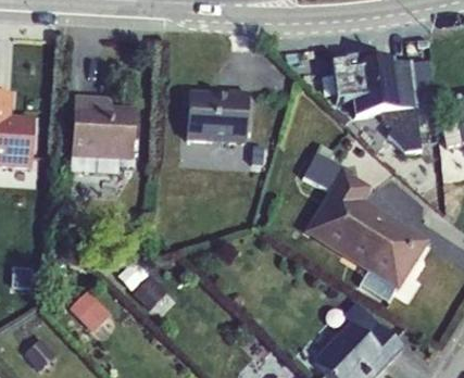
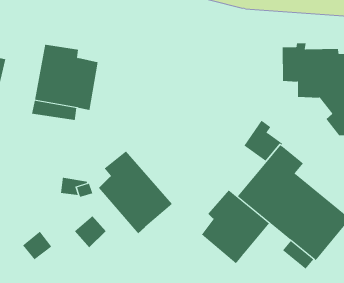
building: [186,90,248,142] -> none
building: none -> [98,151,173,234]
building: none -> [201,189,270,264]

